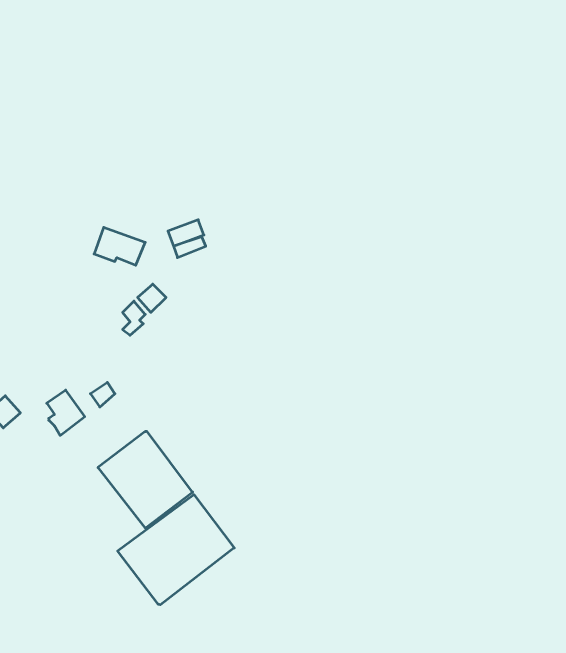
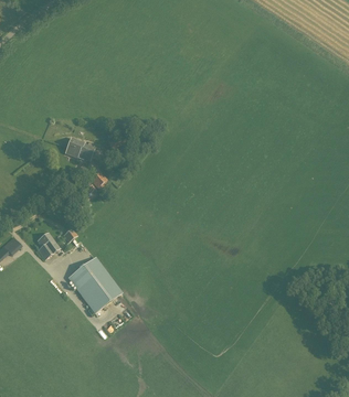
building: [118,495,234,605] -> none

